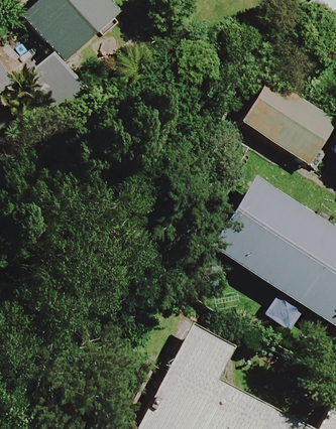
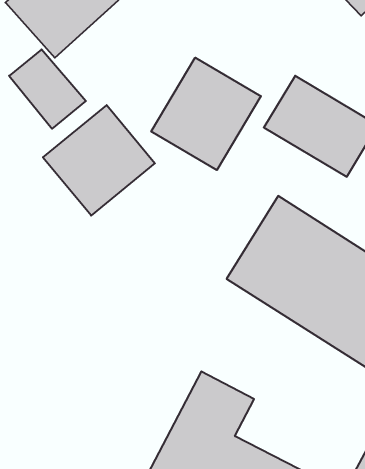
building: none -> [151,58,261,170]
building: none -> [43,105,155,216]

